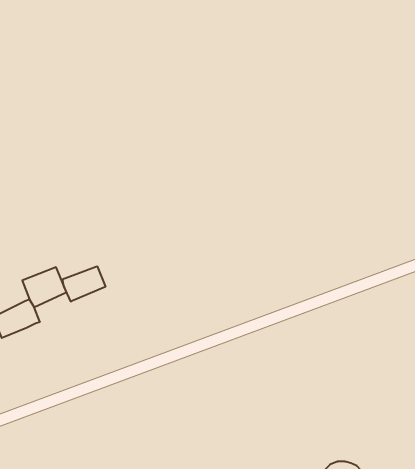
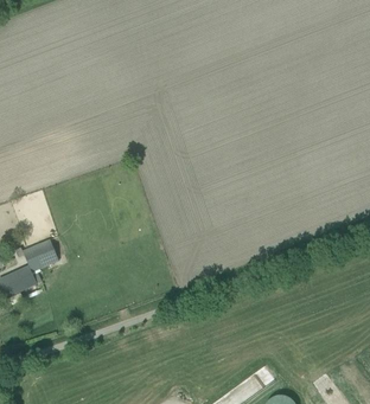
building: [63,266,105,302] -> none

